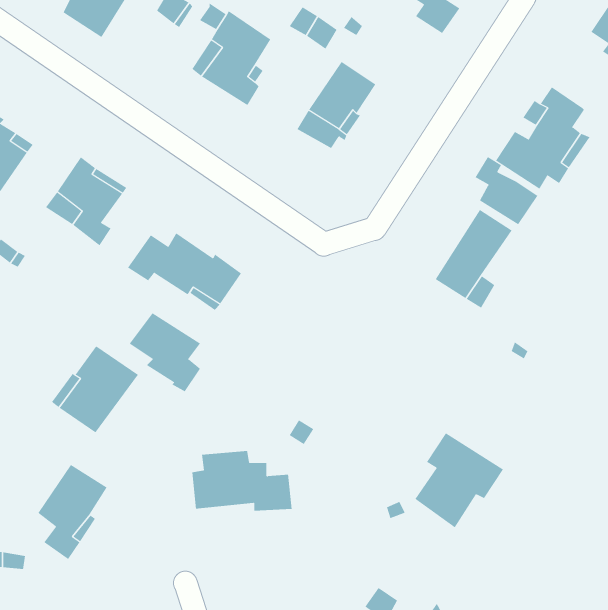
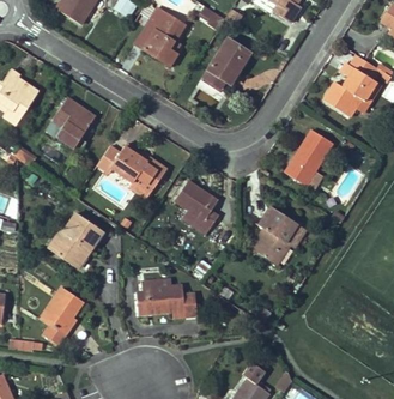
building: [475,156,538,225] -> none
building: [129,312,201,392] -> [174,181,218,230]
building: [414,433,504,528] -> [250,206,305,265]

